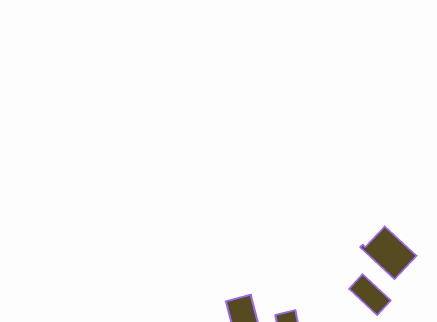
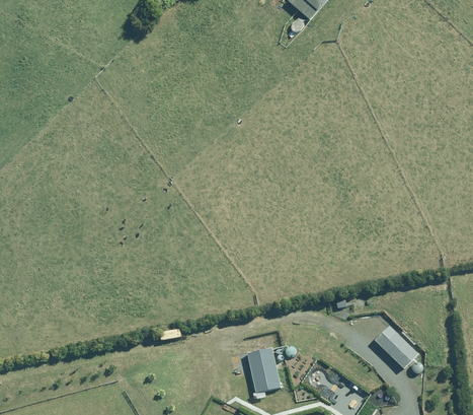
building: [360,226,417,279] -> none

